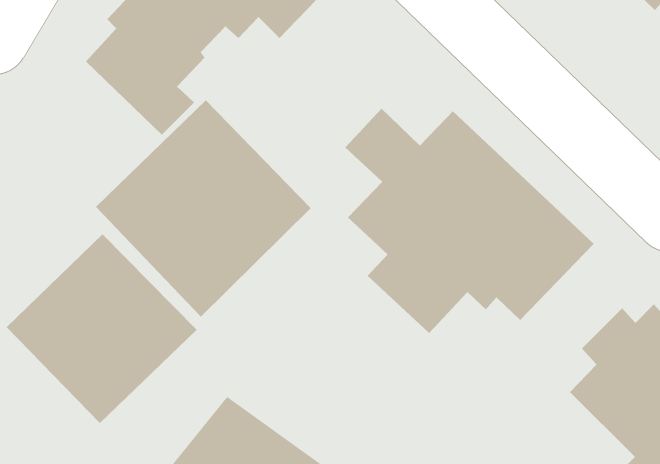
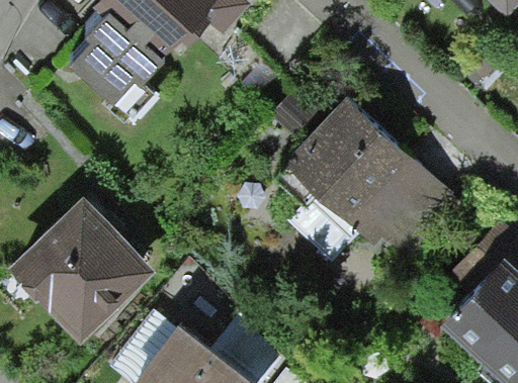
building: [95,99,312,317] -> none

